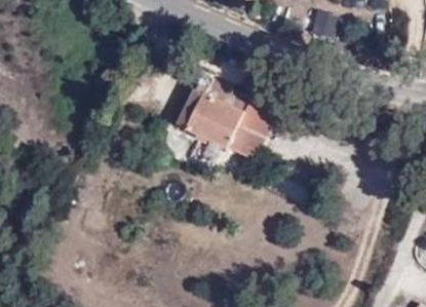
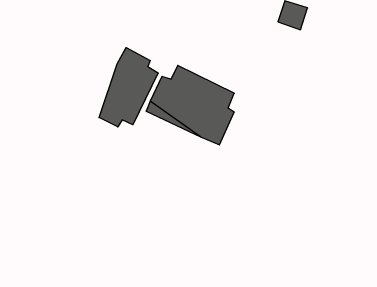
building: none -> [99,48,158,127]

